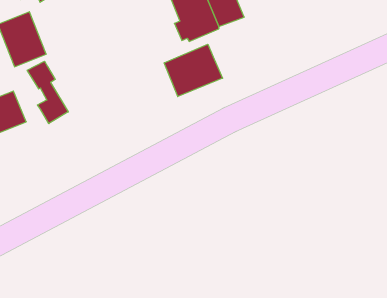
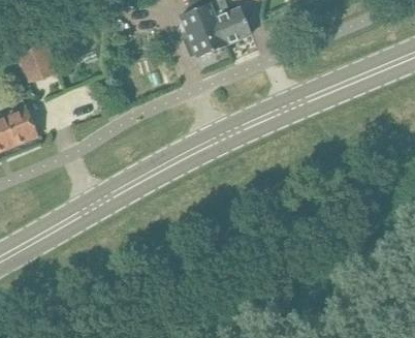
building: [164,44,223,97] -> none
building: [27,61,68,124] -> none

